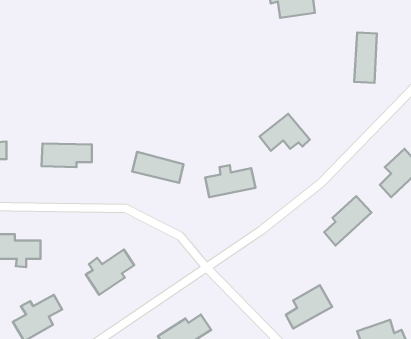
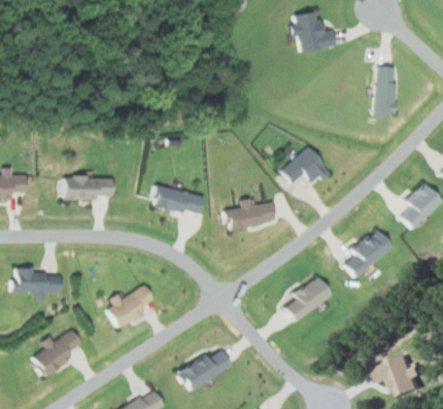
building: [286,285,332,328] -> [285,275,332,318]

